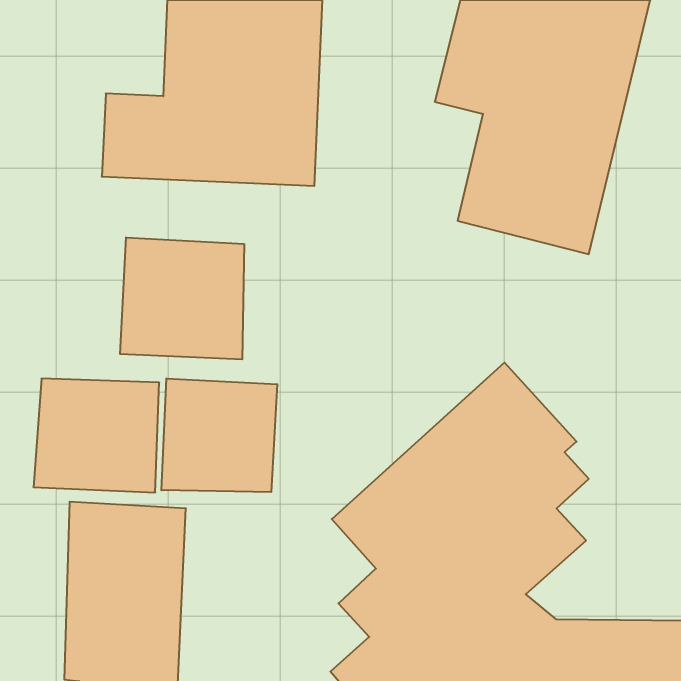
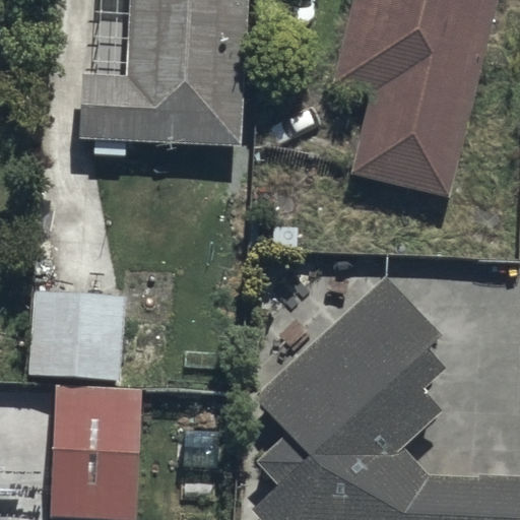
building: [120,237,244,359] -> none
building: [161,378,277,492] -> none

